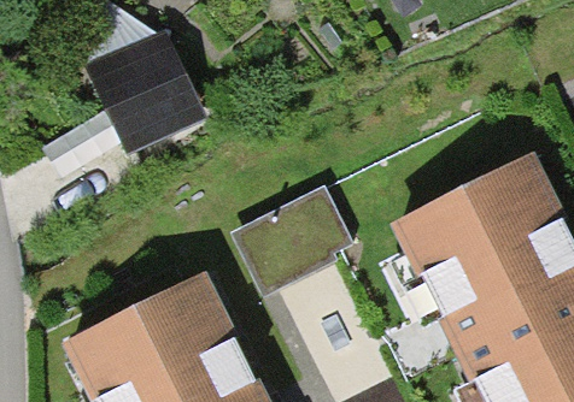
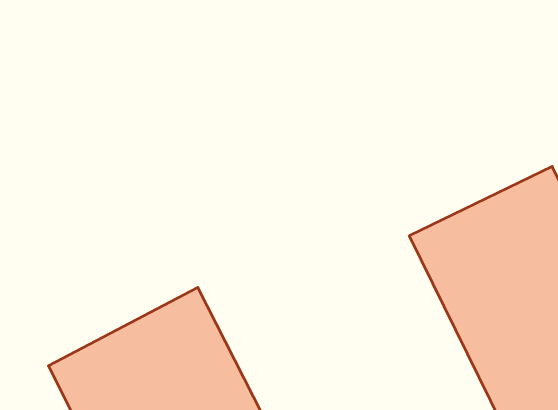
building: [80,40,182,146] -> none
building: [238,193,359,294] -> none

